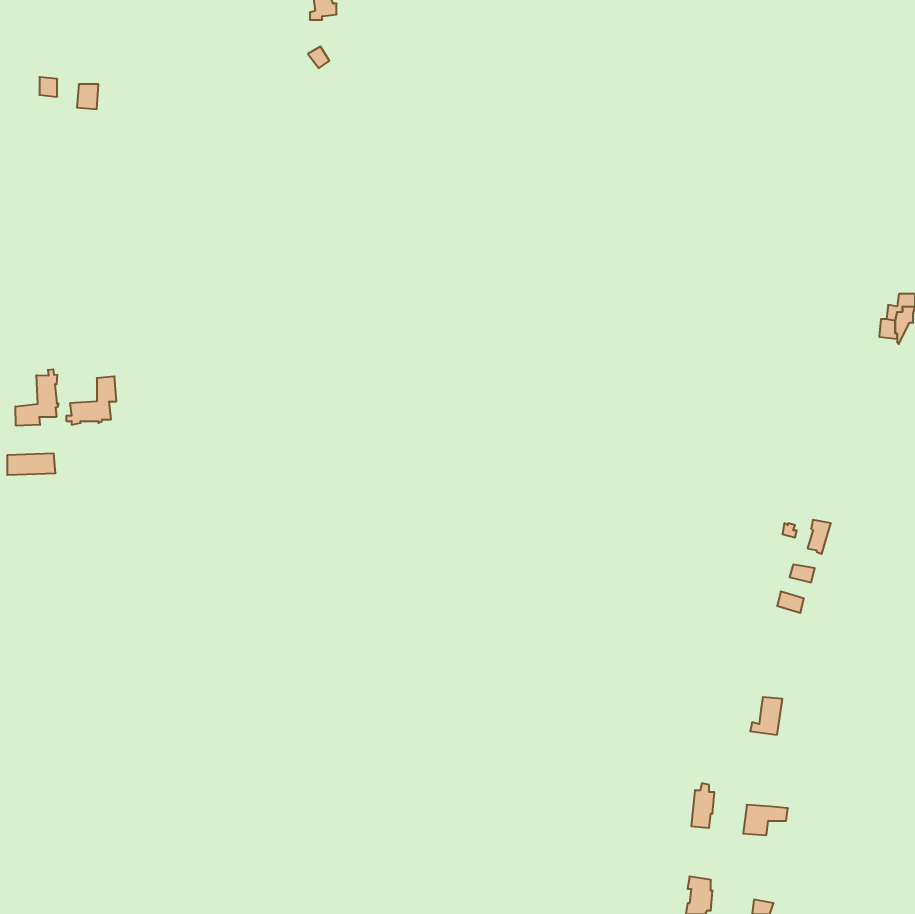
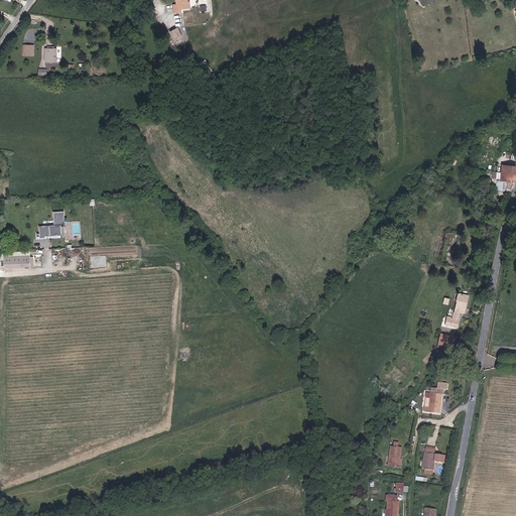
building: [16,369,58,426] -> none

